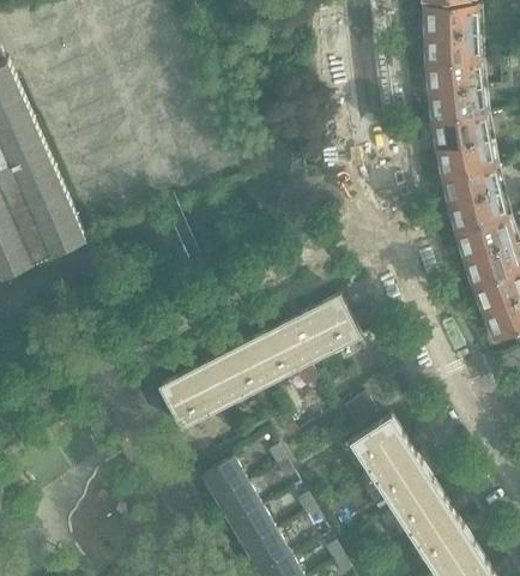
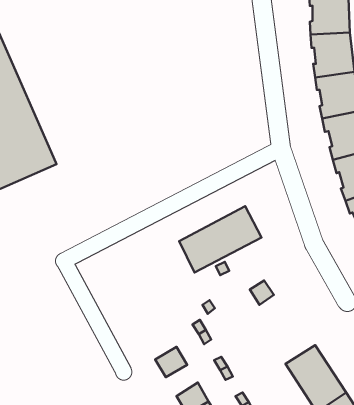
building: [159,343,270,431] -> none
building: [350,418,431,508] -> none
building: [202,460,246,502] -> none
building: [231,509,274,551] -> none

